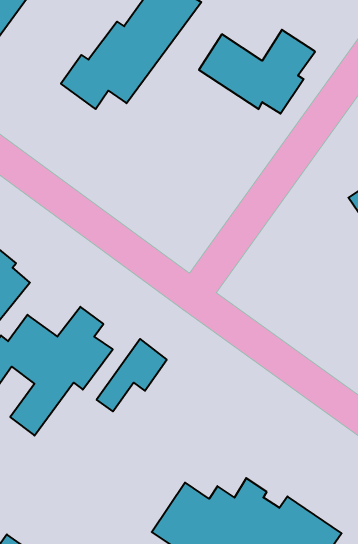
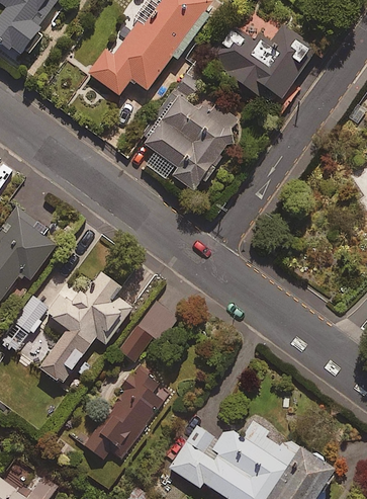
building: none -> [141,94,237,193]
building: none -> [84,363,171,460]

